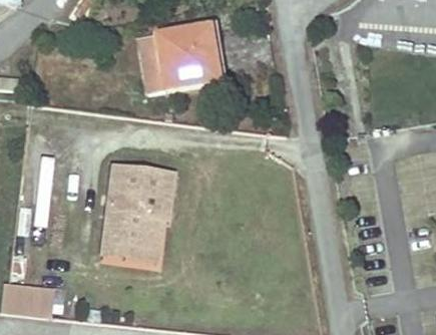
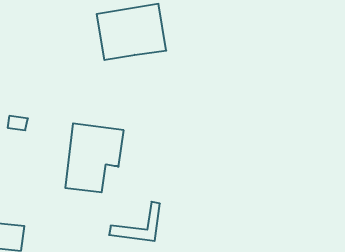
building: [100,216,160,262] -> [109,202,160,241]

